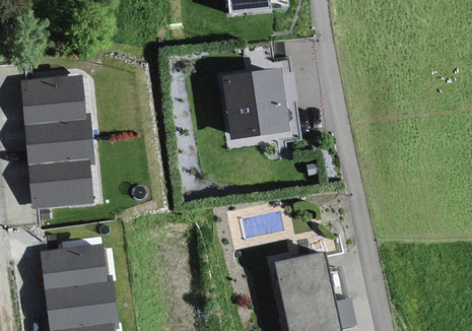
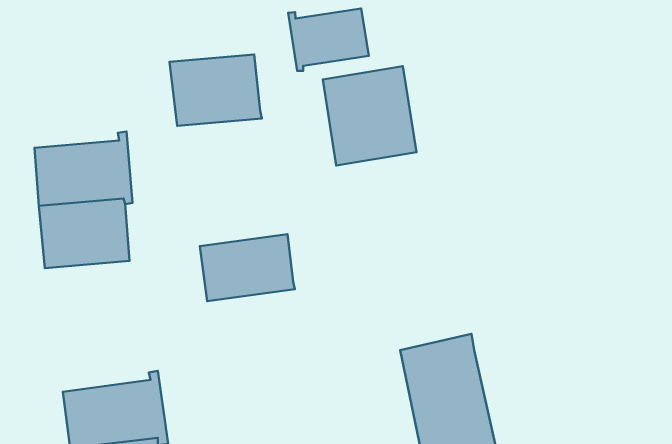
building: none -> [288,9,369,71]
building: [21,75,84,124] -> [170,54,262,126]
building: [41,245,106,290] -> [200,234,295,301]

